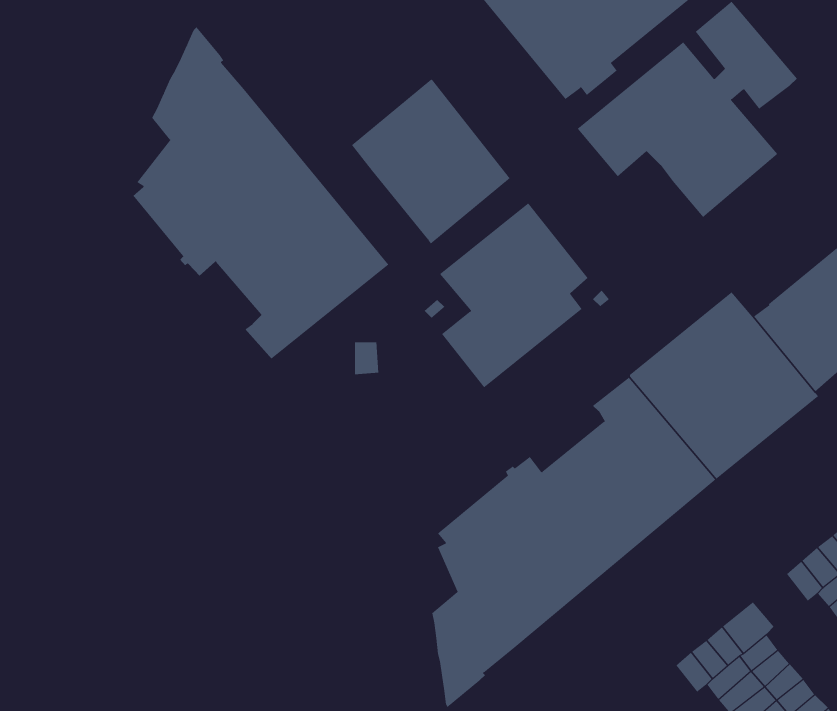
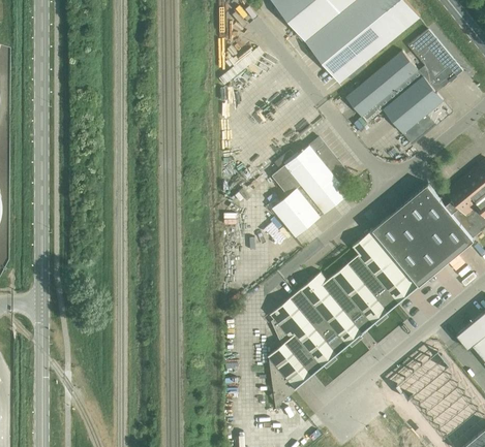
building: [132,26,389,360] -> none
building: [351,79,511,244] -> none

